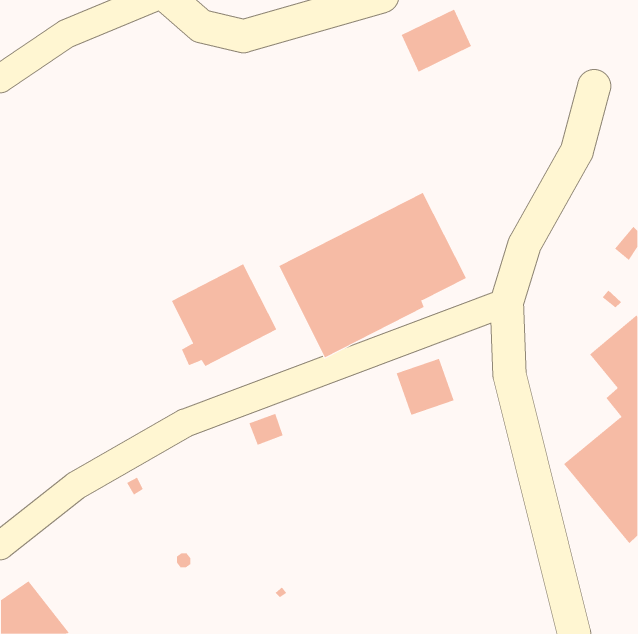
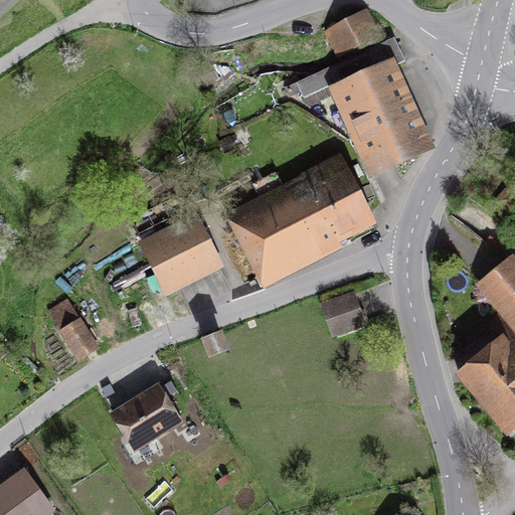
building: none -> [295,35,436,180]
building: none -> [47,296,100,361]
building: none -> [109,382,183,452]

